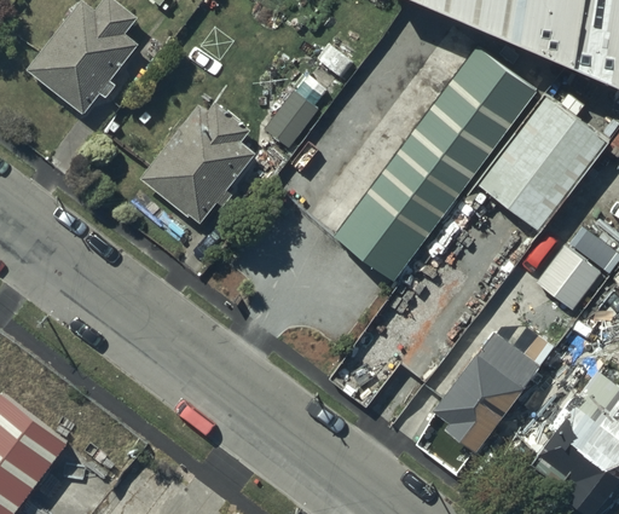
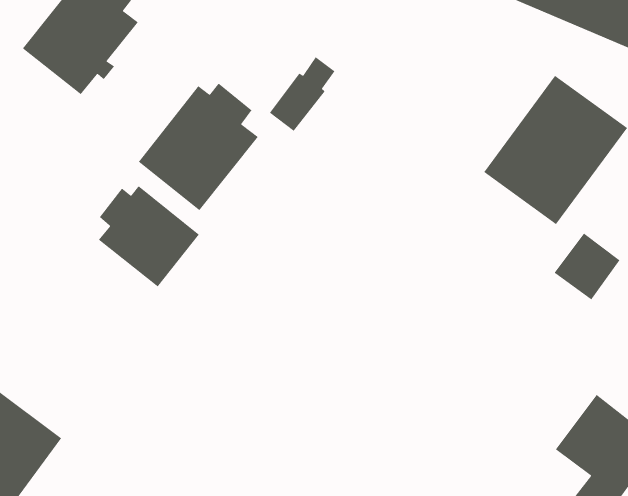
building: [335,47,538,284] -> none
building: none -> [98,185,200,287]
building: [428,330,540,452] -> none

